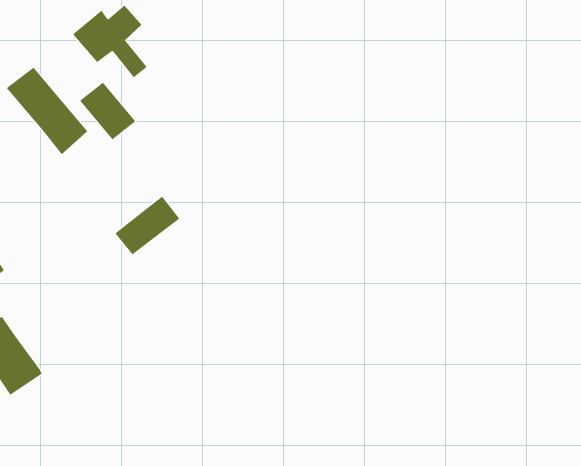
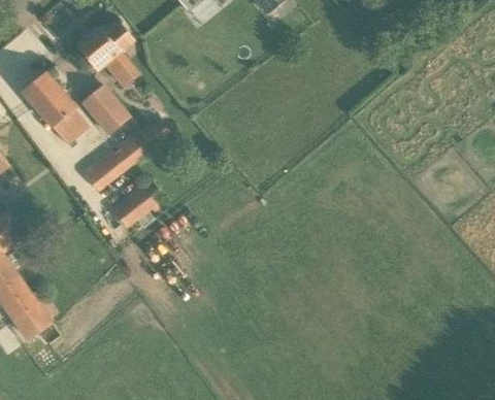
building: none -> [84,123,161,191]

